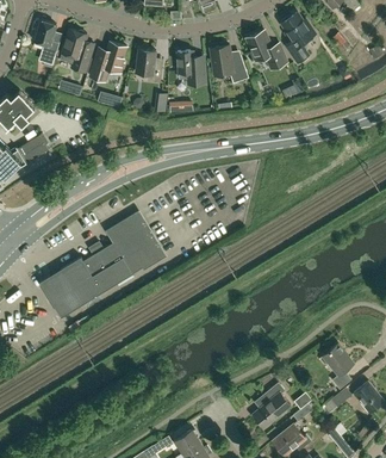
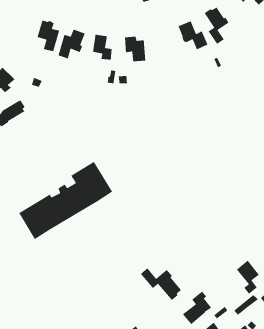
building: [35,20,61,66] -> none
building: [210,45,249,83] -> none
building: none -> [140,267,182,301]

